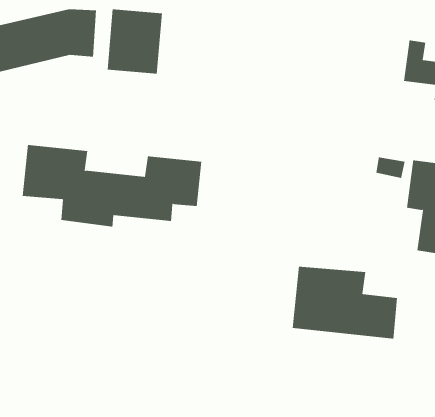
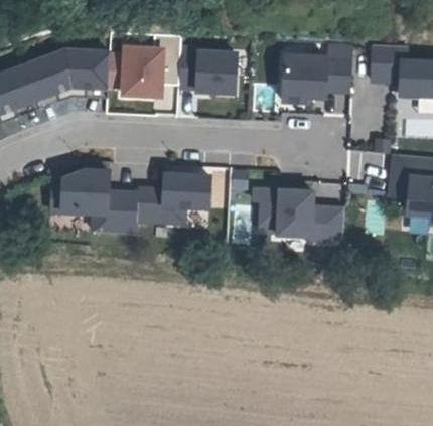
building: none -> [192,45,238,94]
building: none -> [280,52,353,98]
building: [292,266,398,339] -> [256,184,345,241]

